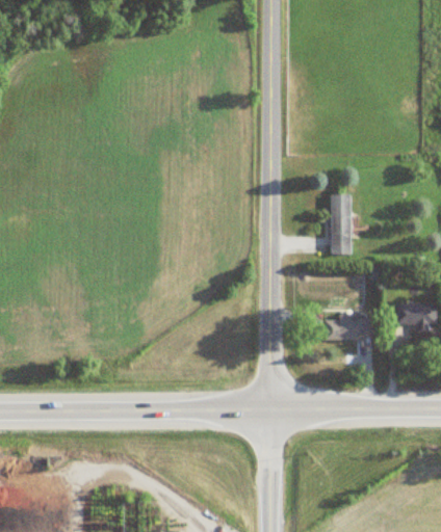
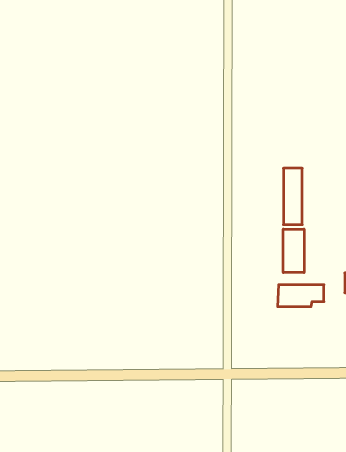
building: none -> [283,229,304,273]

